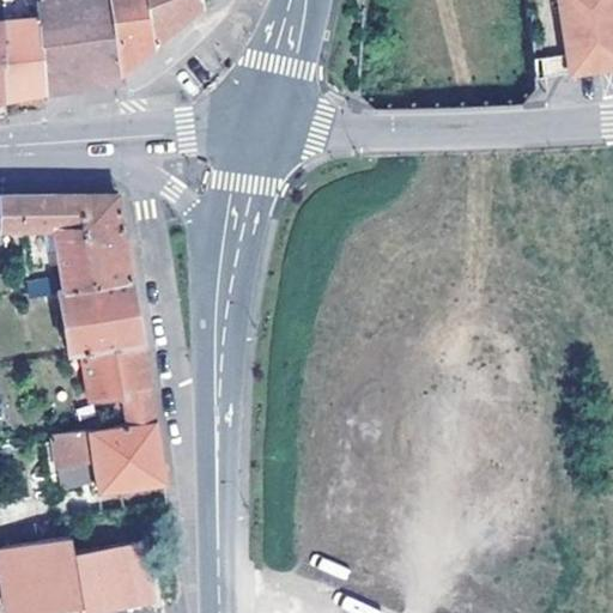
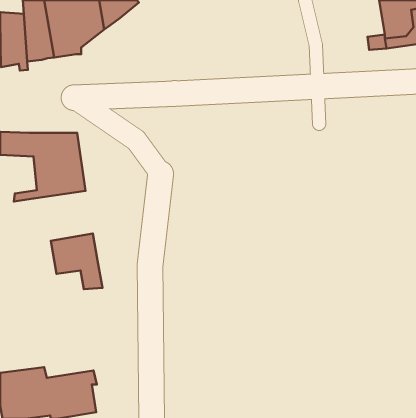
building: [54,280,140,354] -> none
building: [50,421,163,491] -> none

